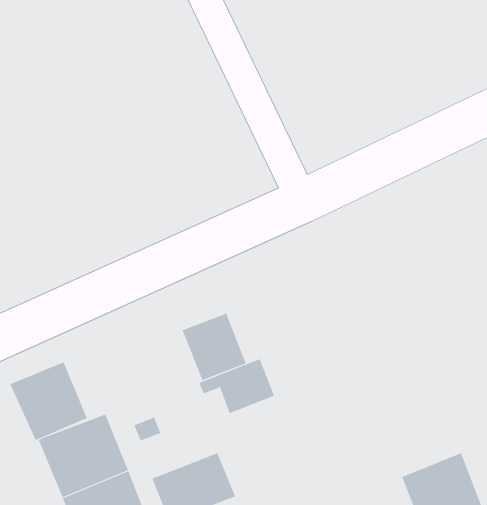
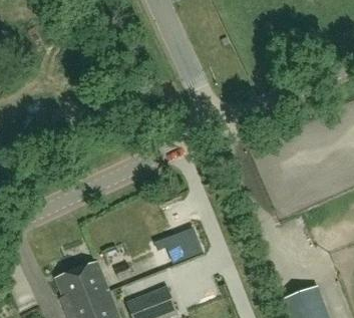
building: [182,313,247,381] -> none
building: [10,362,87,441] -> none

